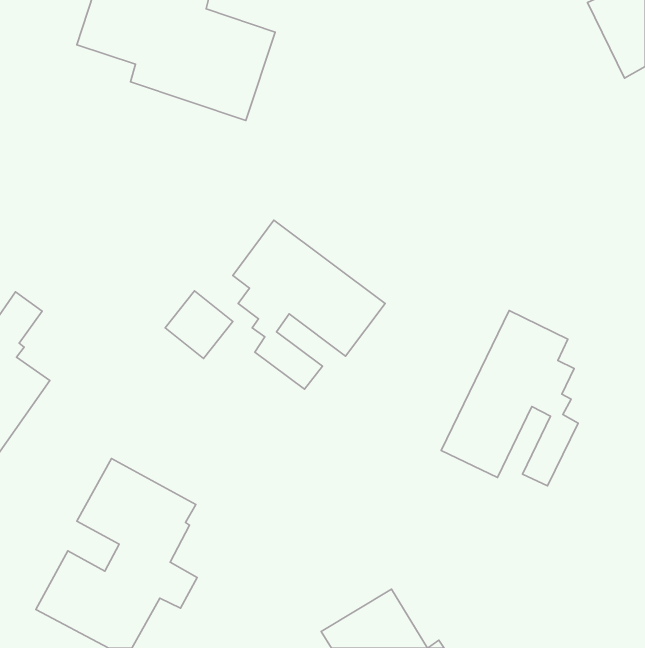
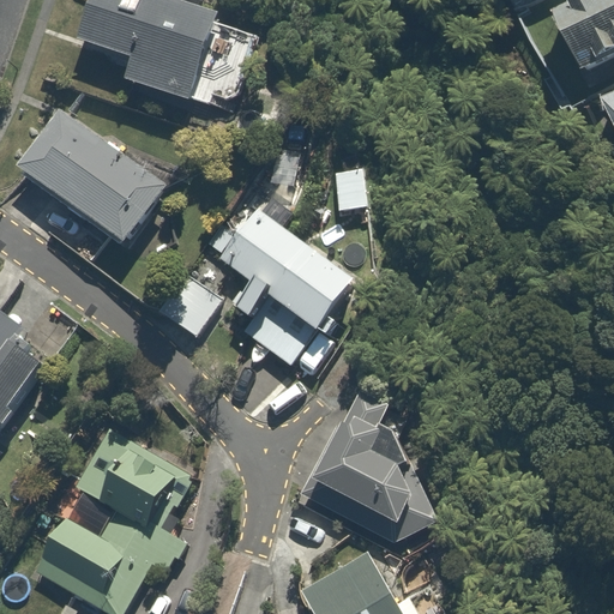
building: none -> [17,108,168,248]
building: [441,310,578,486] -> none
building: none -> [290,387,444,548]

